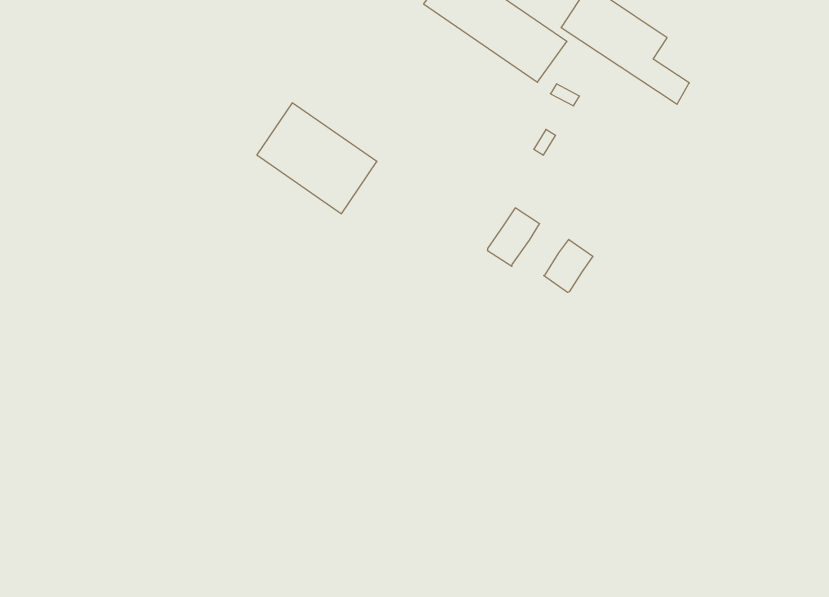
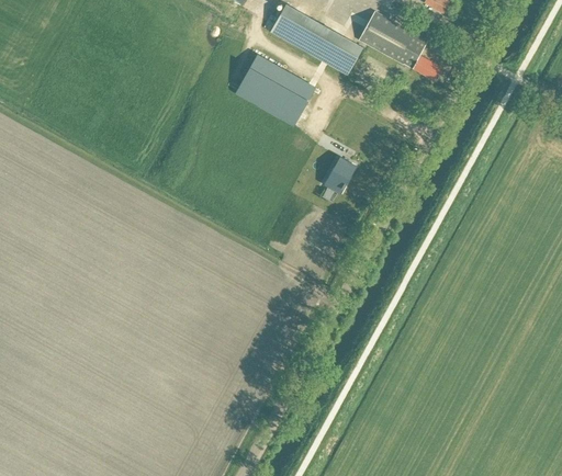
building: [257,103,377,214] -> [235,54,312,122]
building: [544,239,593,292] -> none

